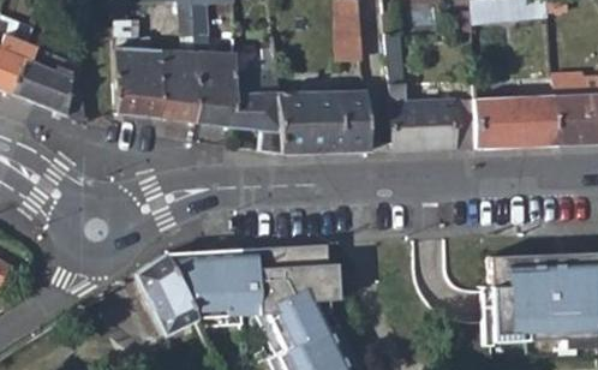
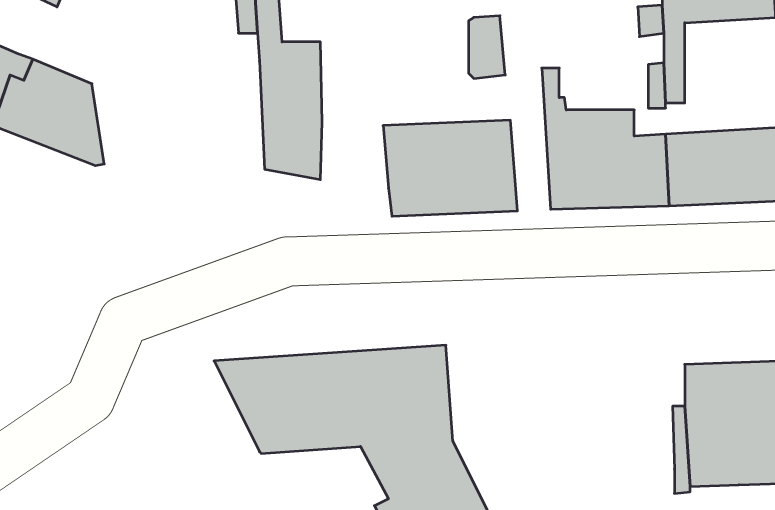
building: [110,20,197,123] -> none
building: [235,56,282,136] -> none
building: [132,255,193,332] -> none

